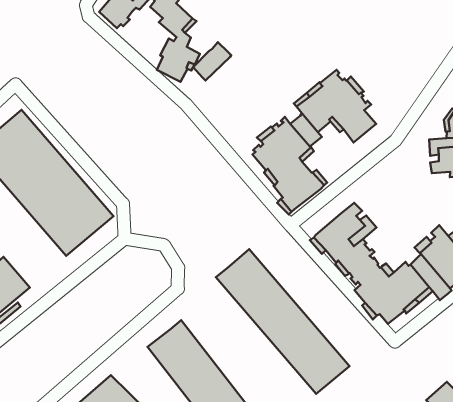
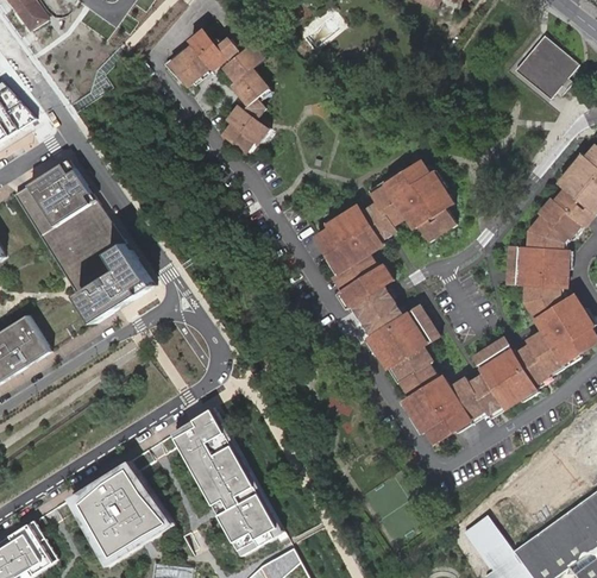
building: [193,42,231,81] -> none
building: none -> [350,288,400,337]
building: [216,249,350,394] -> none

